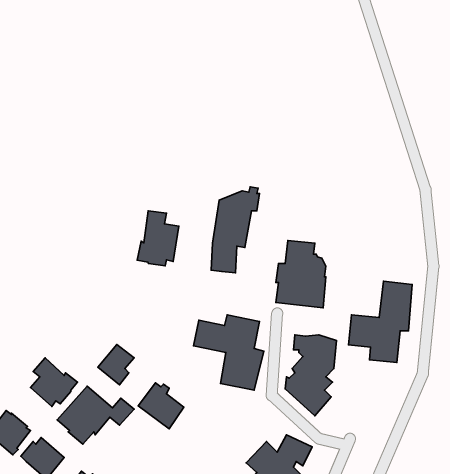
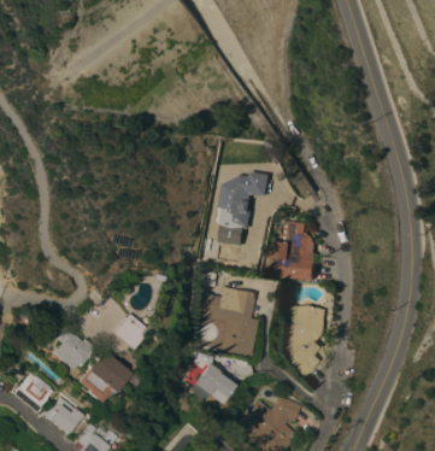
building: [137,211,179,266] -> none
building: [349,281,412,363] -> none
building: [138,383,184,429] -> [196,364,237,405]

